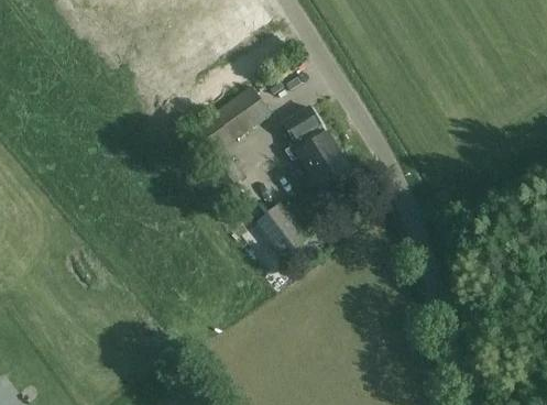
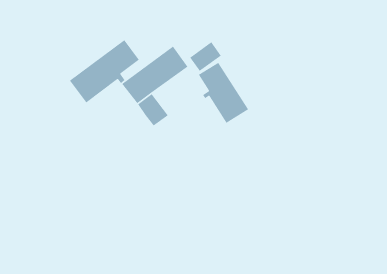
building: none -> [69,39,140,103]
building: [255,202,309,260] -> none

